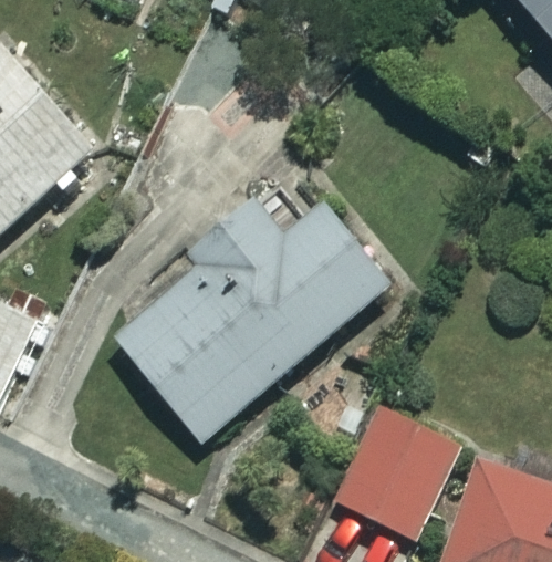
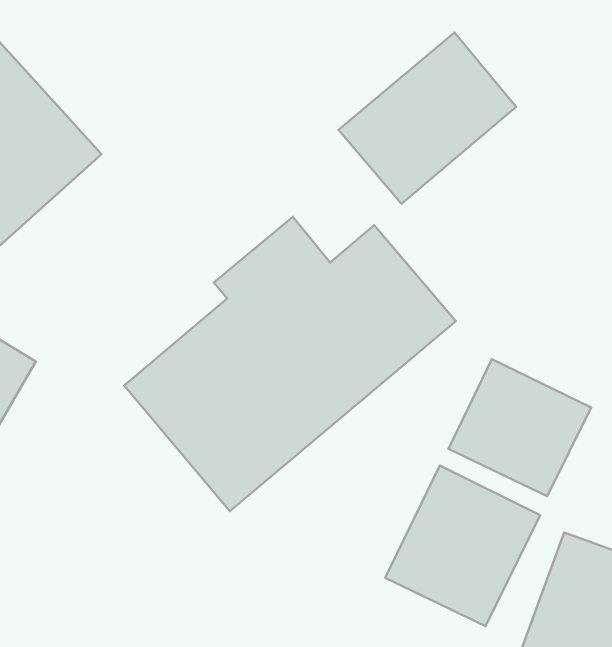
building: none -> [339,32,516,204]
building: none -> [449,359,591,496]

